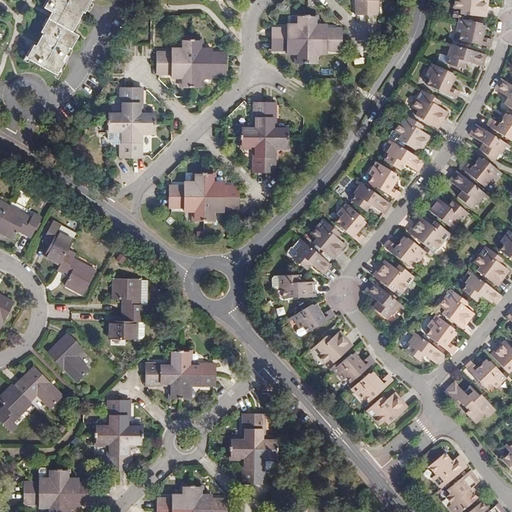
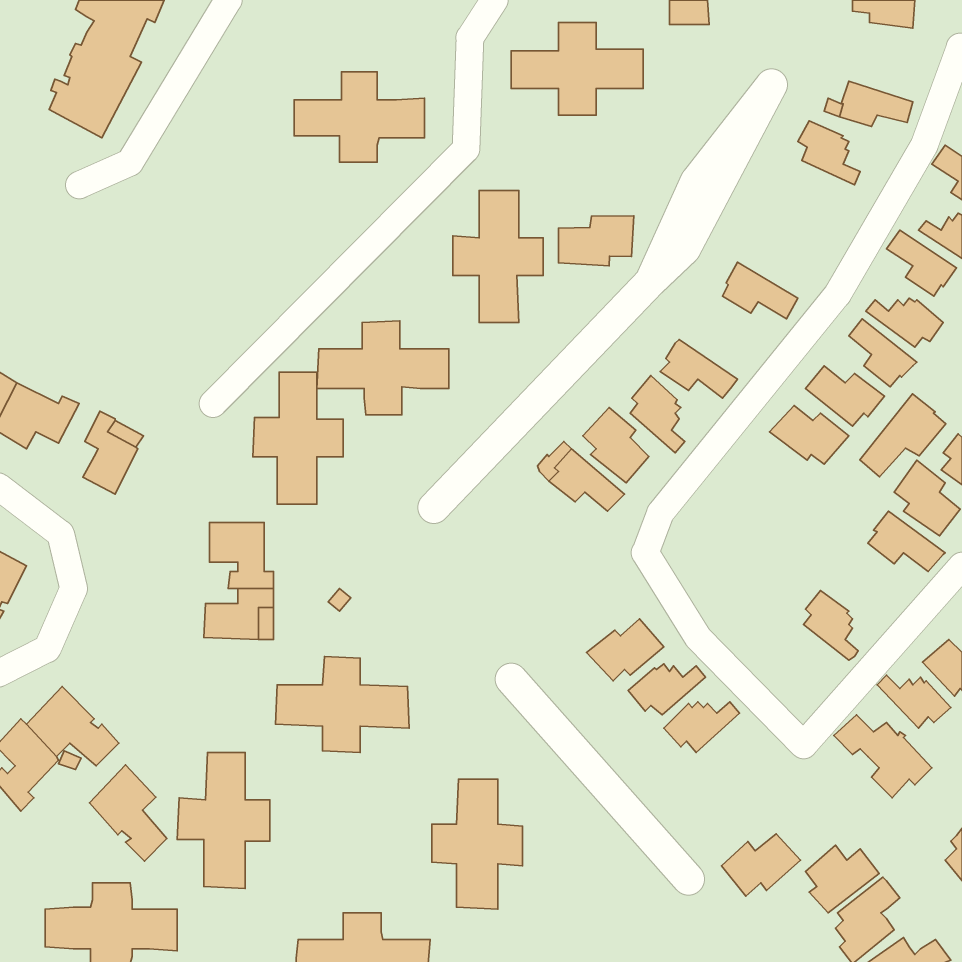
building: [456,19,491,46] -> none
building: [106,88,154,158] -> [253,372,343,504]
building: [411,89,446,127] -> none
building: [392,114,428,152] -> none
building: none -> [559,216,634,266]
building: [368,160,398,197] -> none
building: none -> [860,394,946,477]
building: [385,238,426,265] -> none
building: [58,249,96,296] -> none
building: [375,260,415,291] -> none
building: [278,274,313,296] -> none
building: [365,281,400,317] -> none
building: [440,288,475,327] -> none
building: [291,304,333,330] -> none
building: [48,331,89,382] -> [90,765,167,861]
building: [405,331,444,362] -> none
building: [365,390,407,423] -> [721,834,801,896]

